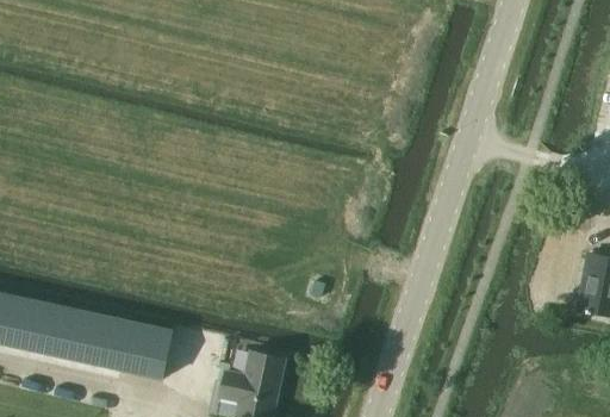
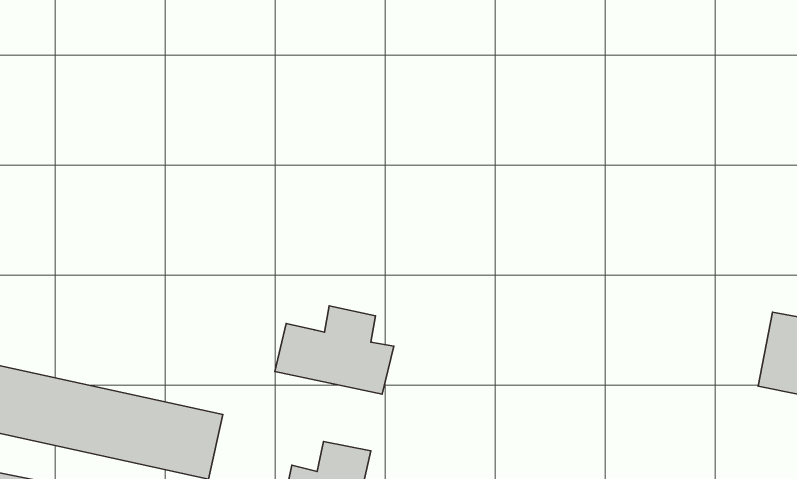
building: none -> [275,306,394,394]

